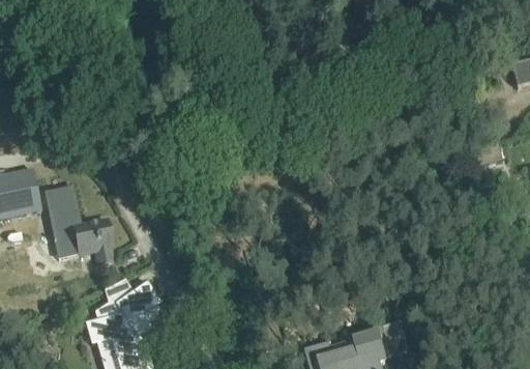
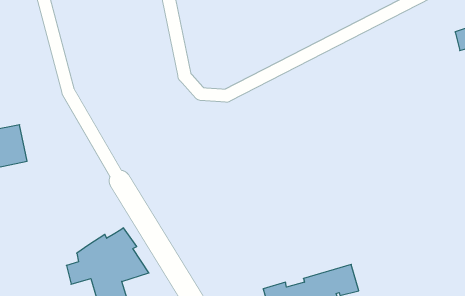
building: [43,187,112,263] -> none

